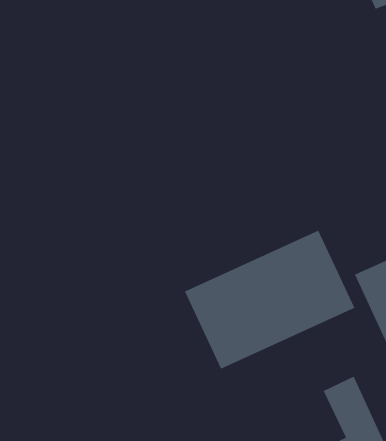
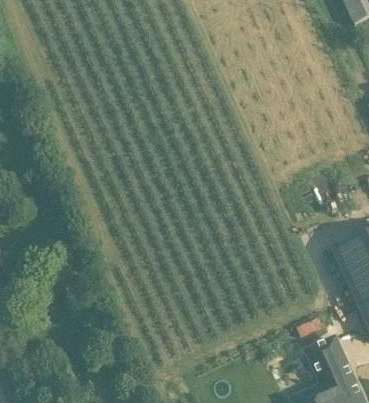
building: [184,230,355,370] -> none

